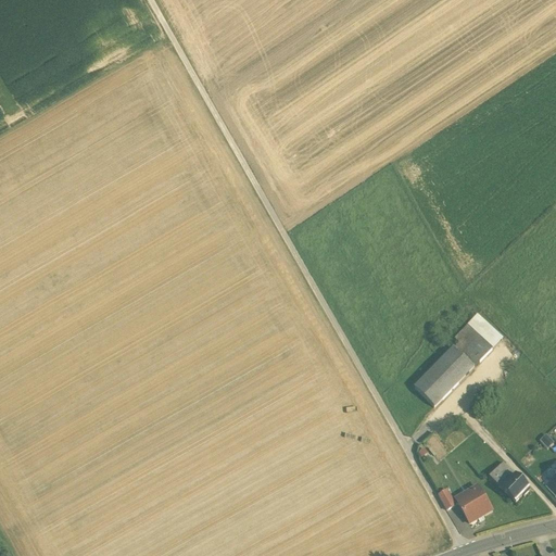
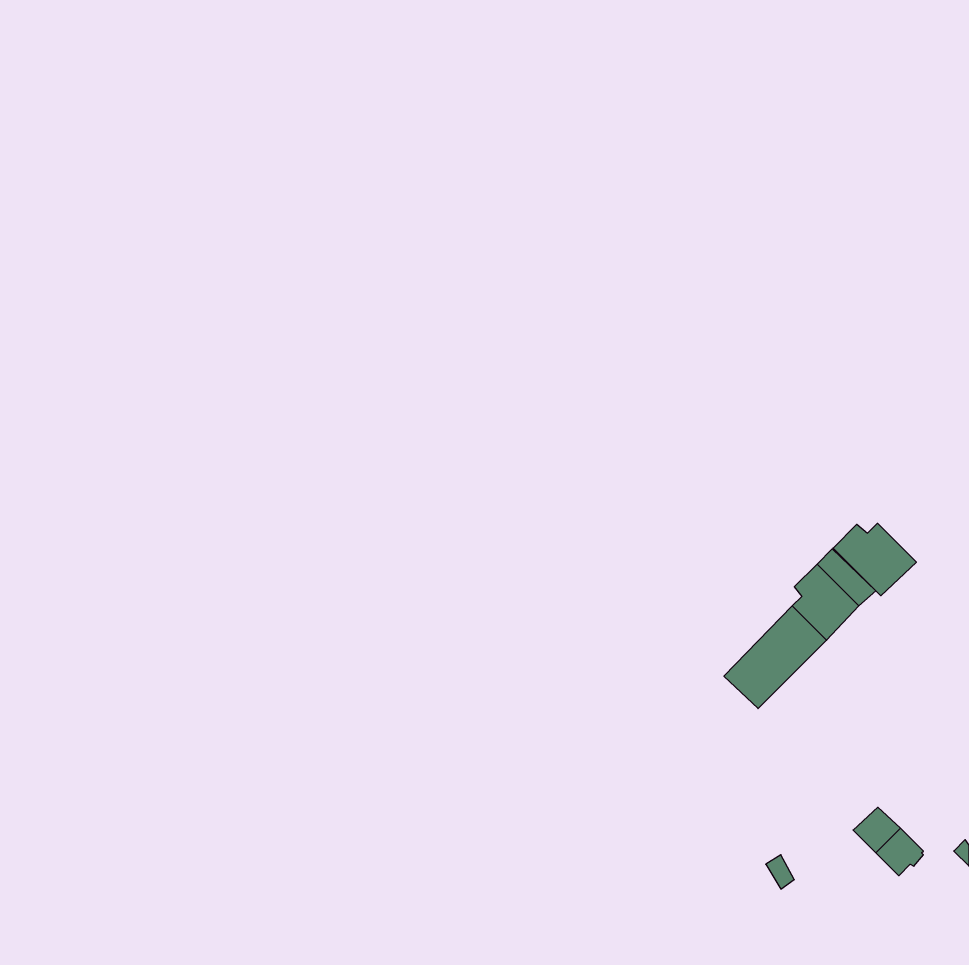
building: none -> [833,523,916,596]
building: [457,484,491,521] -> none

